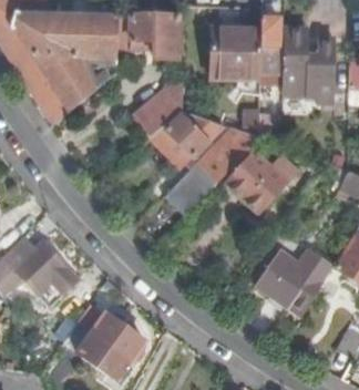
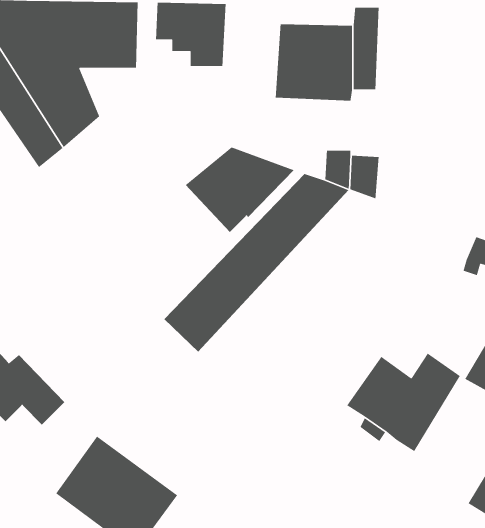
building: [279,29,334,104] -> none
building: [130,81,181,137] -> none
building: [226,151,287,213] -> none

